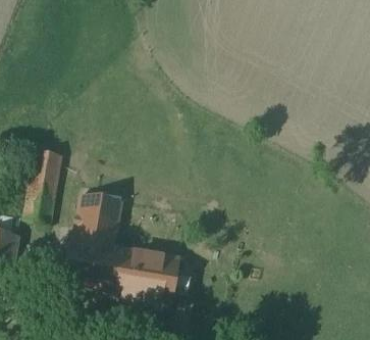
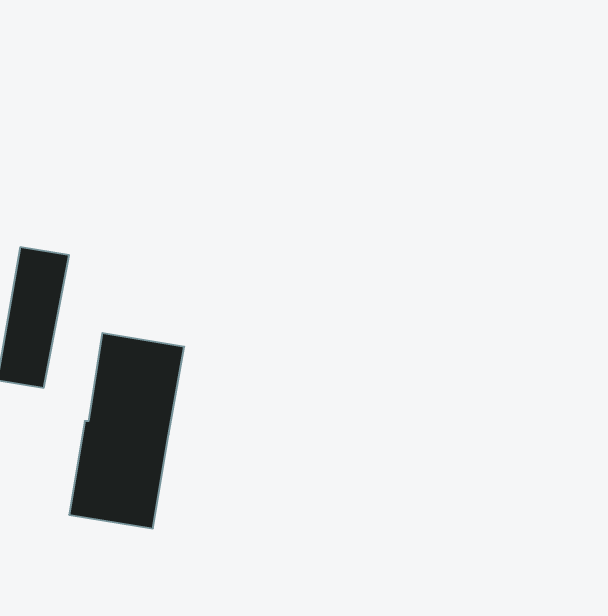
building: [109,244,181,303] -> none

